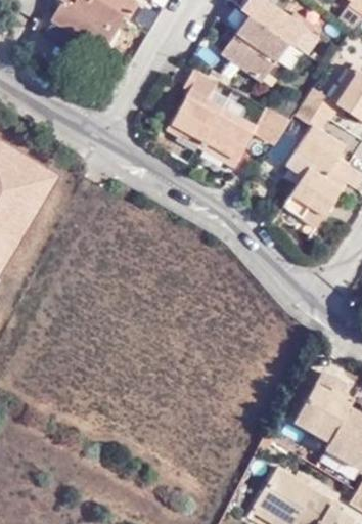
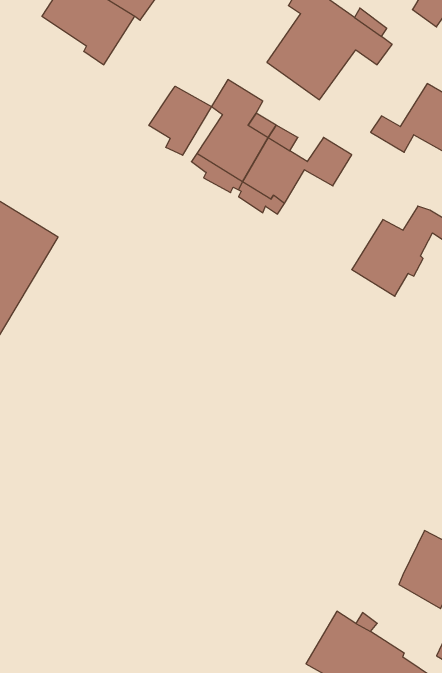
building: none -> [149,86,212,155]
building: [292,103,347,178] -> none
building: [287,369,347,440] -> none

